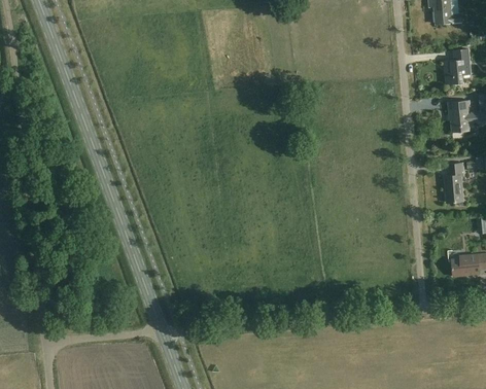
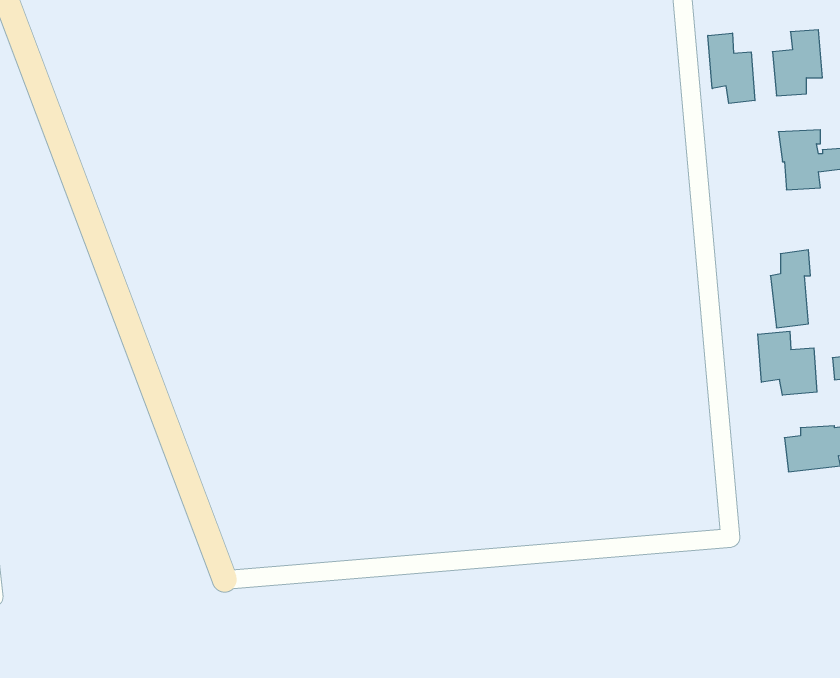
building: none -> [708,33,755,103]
building: none -> [758,331,817,395]

